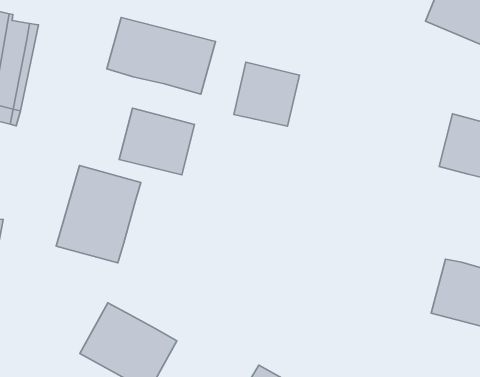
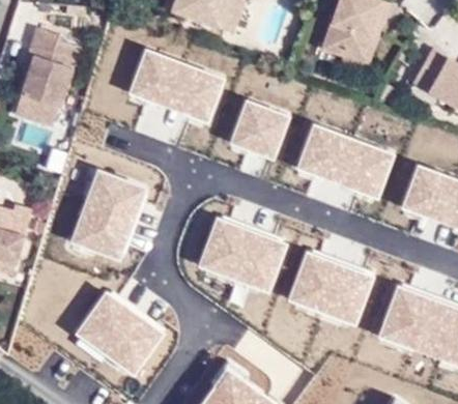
building: none -> [304,124,398,198]
building: [119,108,194,175] -> none
building: none -> [204,224,288,293]
building: none -> [292,255,376,324]

